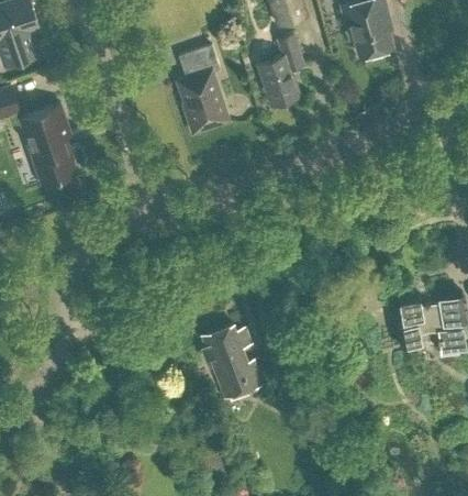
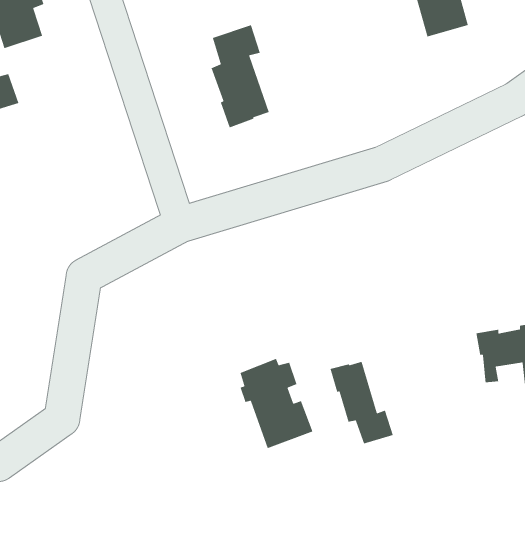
building: [257,35,303,107] -> none
building: [19,107,77,187] -> none
building: none -> [329,361,394,444]

